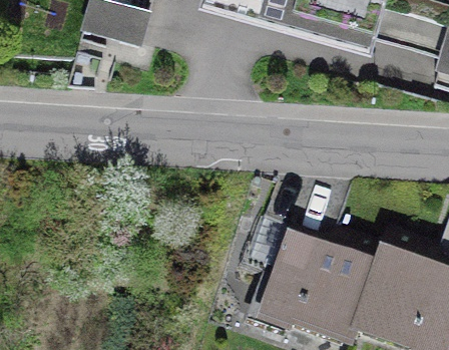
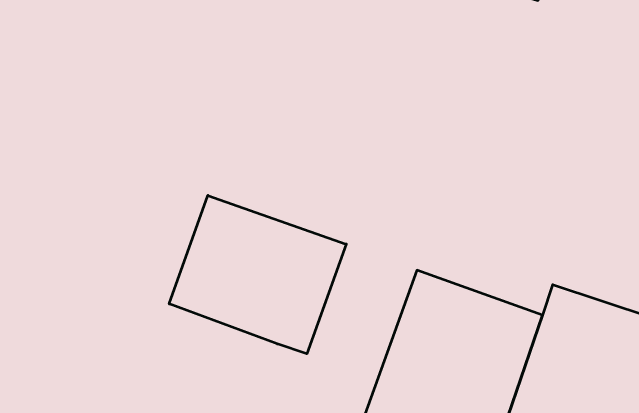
building: none -> [169,195,346,354]

